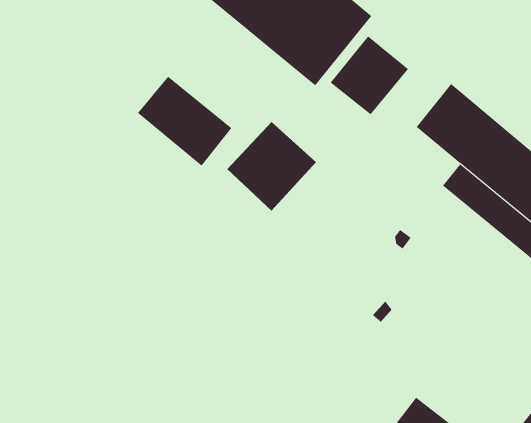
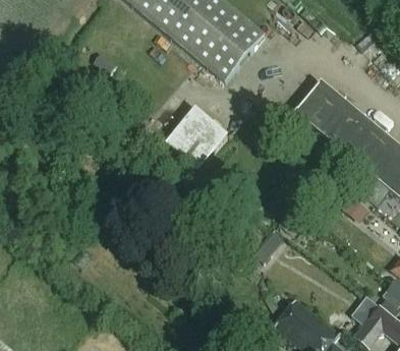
building: [330,35,409,115] -> none
building: [137,76,232,166] -> none

